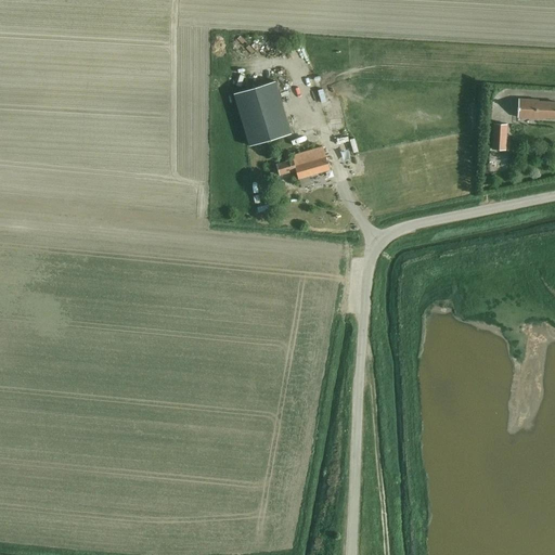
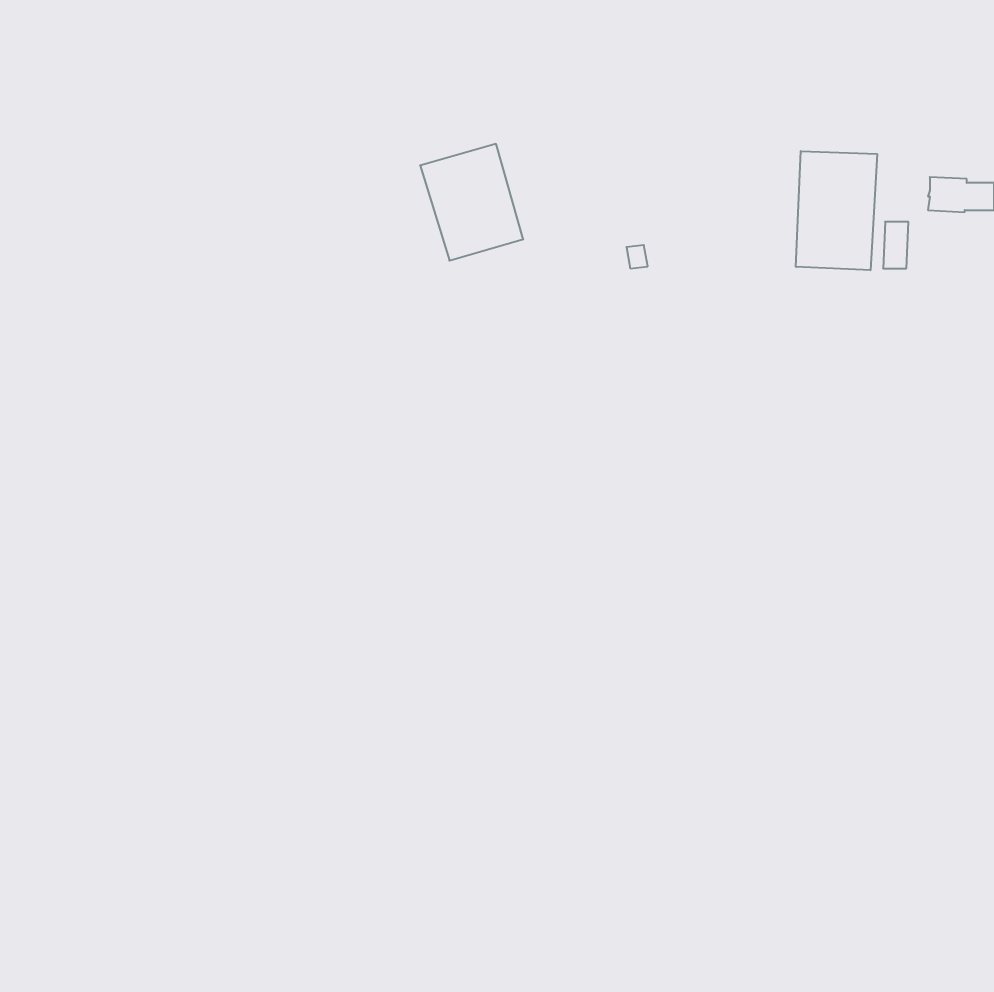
building: none -> [796,151,877,270]
building: [276,147,330,179] -> none

